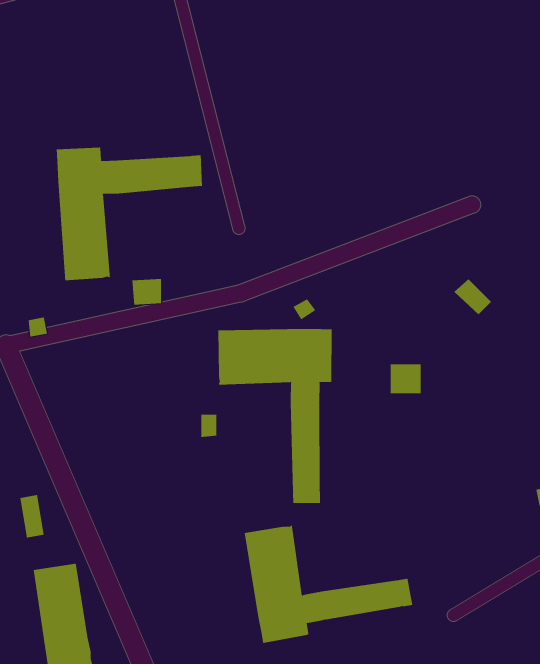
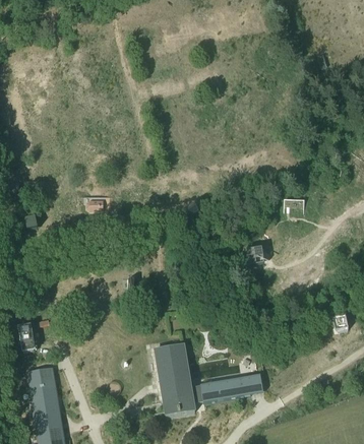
building: [56,146,203,281] -> none
building: [218,328,332,504] -> none

